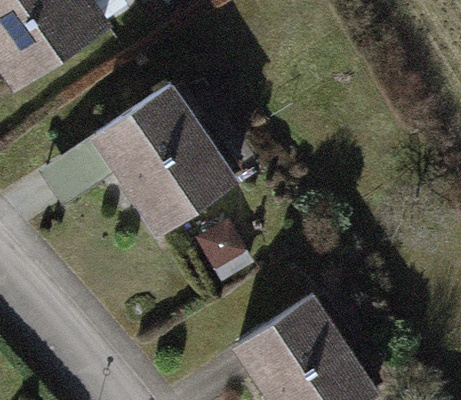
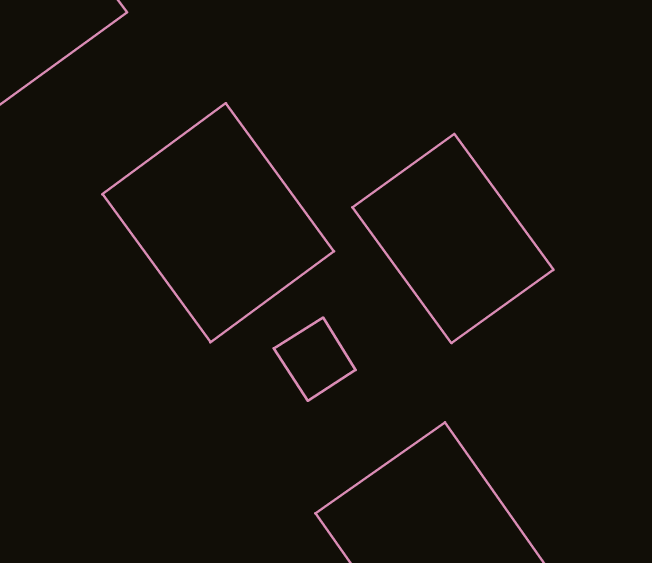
building: none -> [352,134,553,343]

